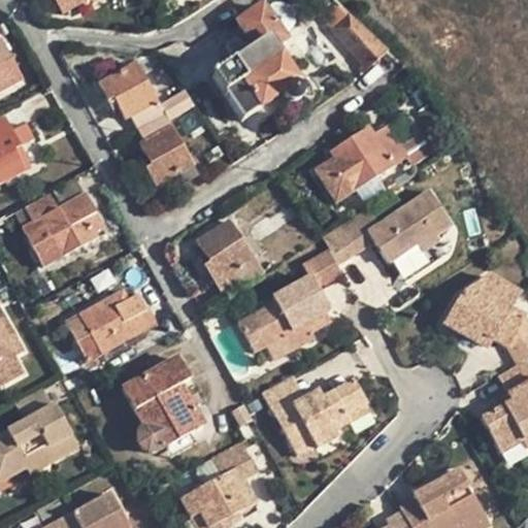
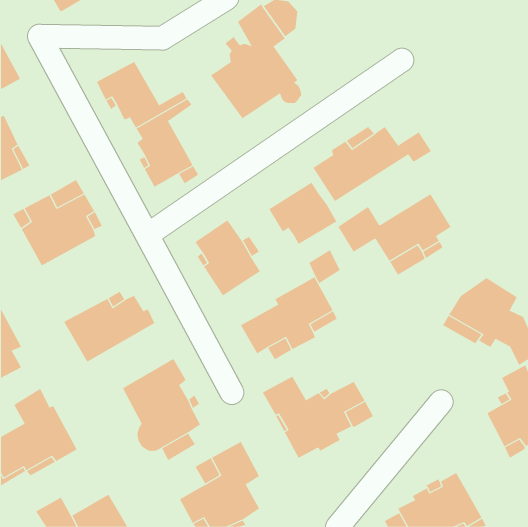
building: [330,10,388,68] -> none
building: none -> [268,182,337,245]

